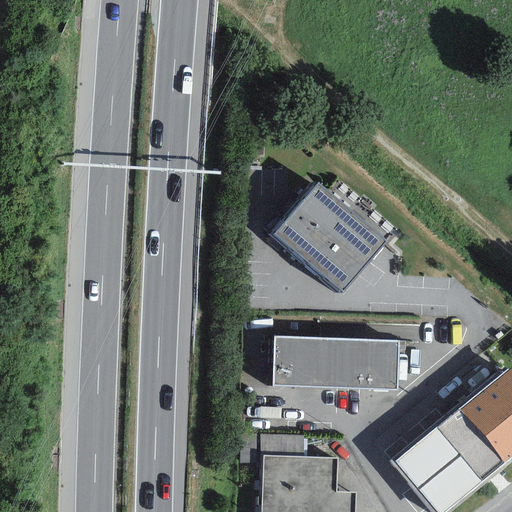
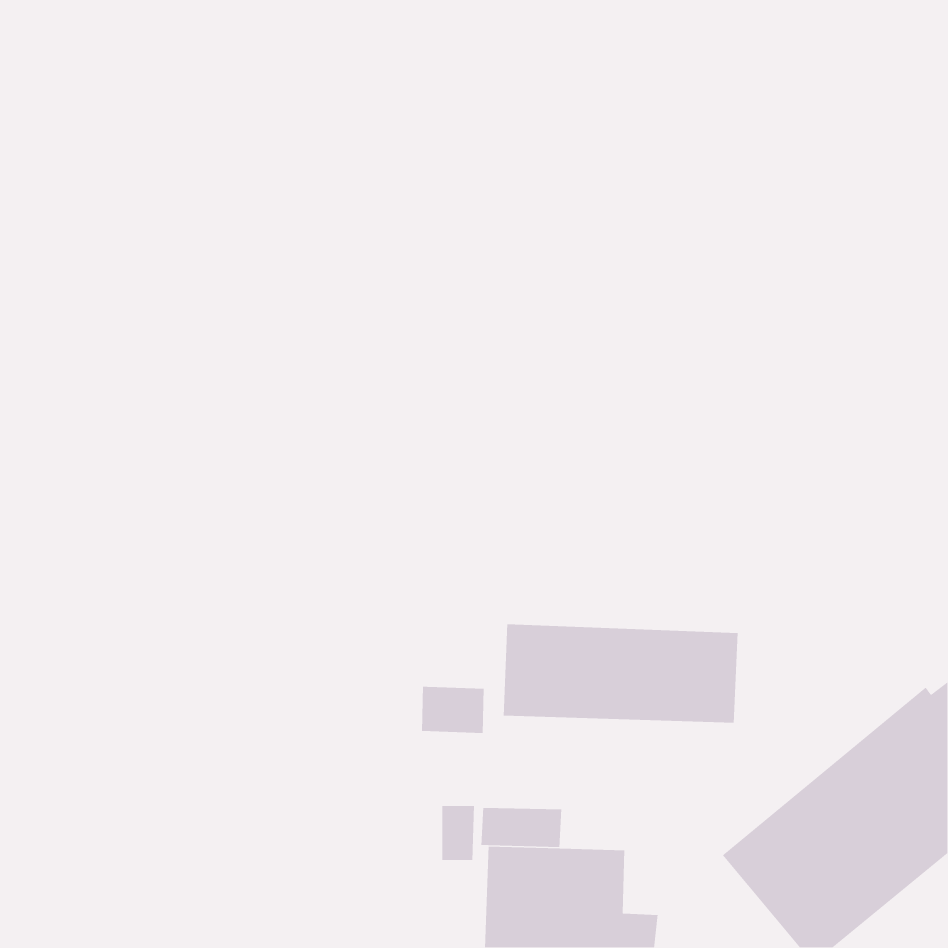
building: [274,183,386,292] -> none
building: none -> [421,686,485,734]

